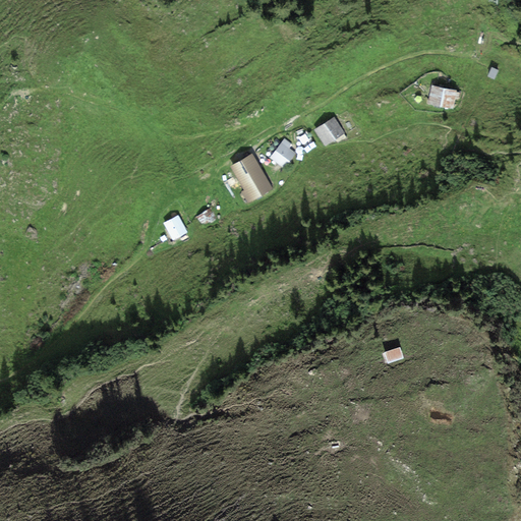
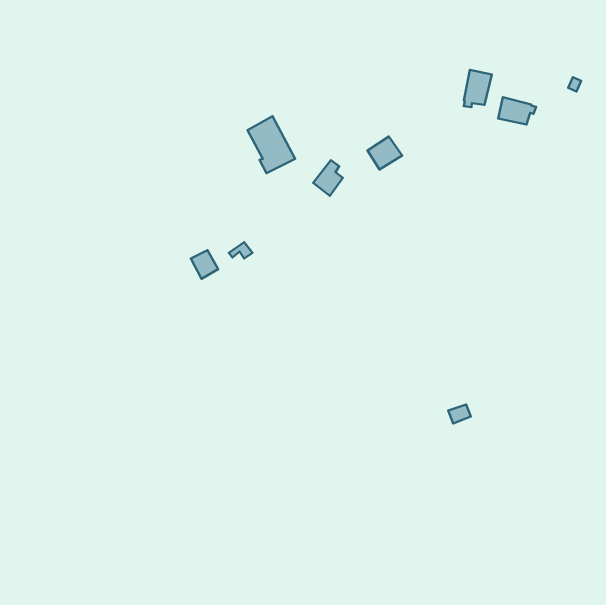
building: none -> [464,70,492,107]
building: [231,153,272,201] -> [248,116,295,173]

